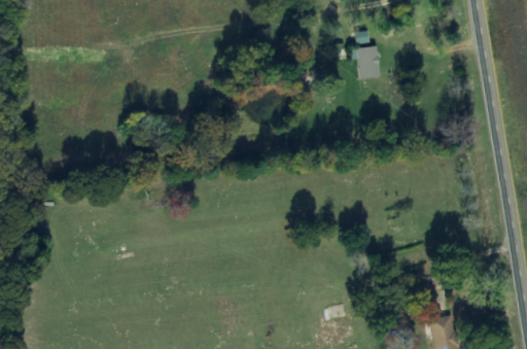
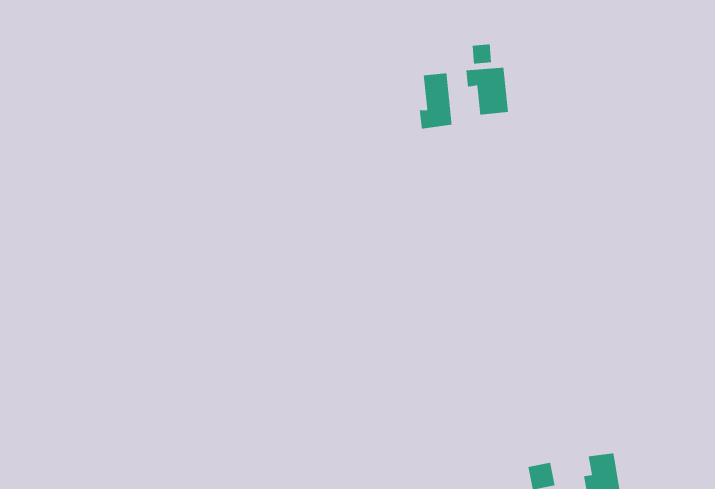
building: none -> [419,72,452,129]

